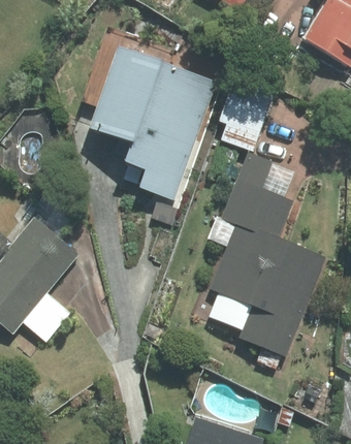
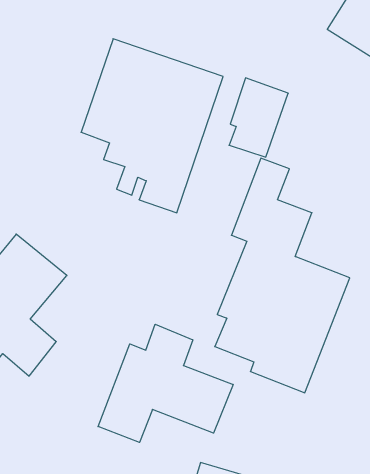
building: none -> [98,324,233,442]

